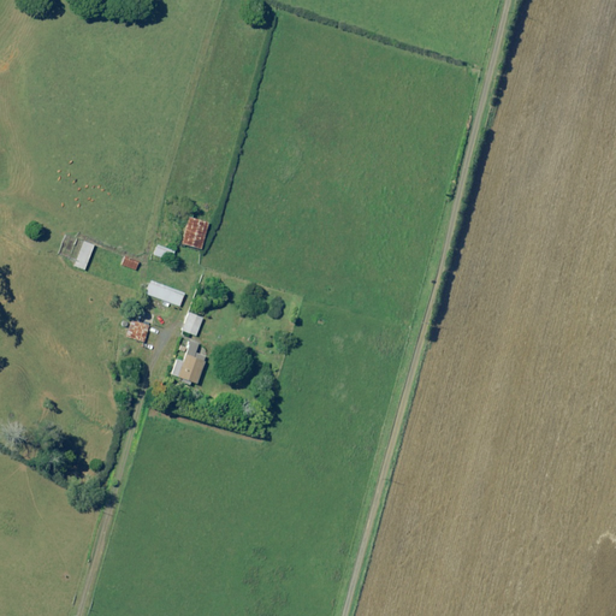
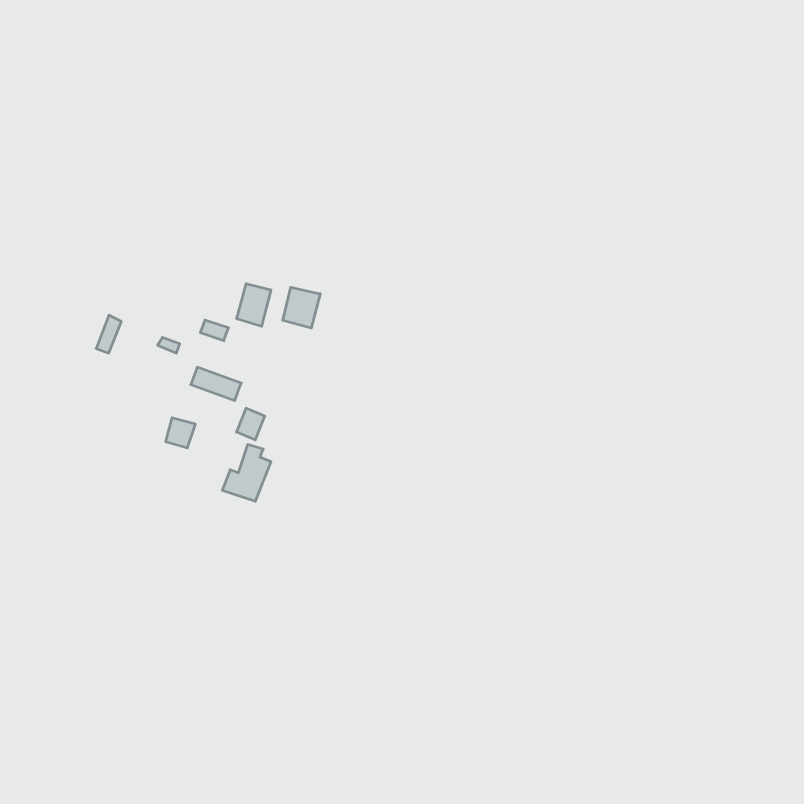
building: none -> [283,287,320,328]

